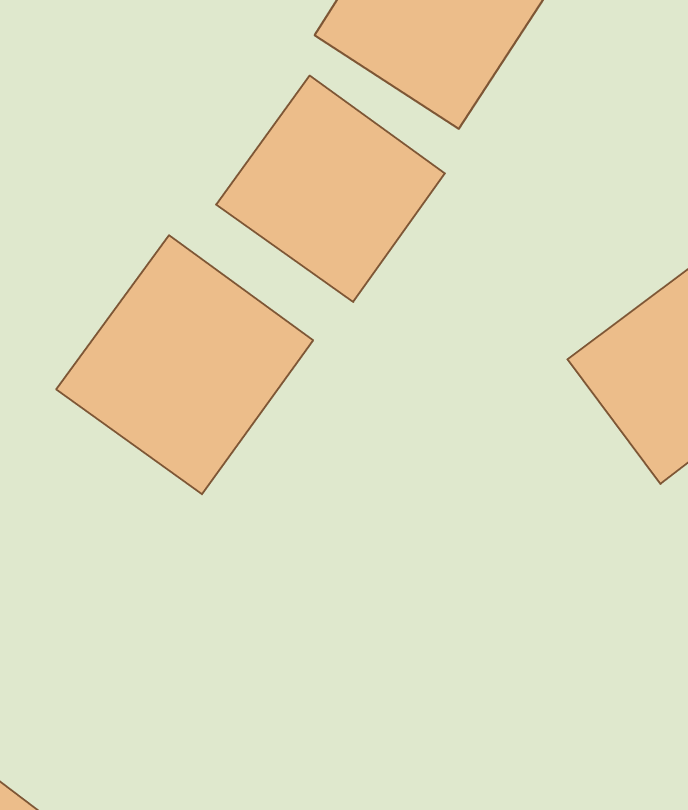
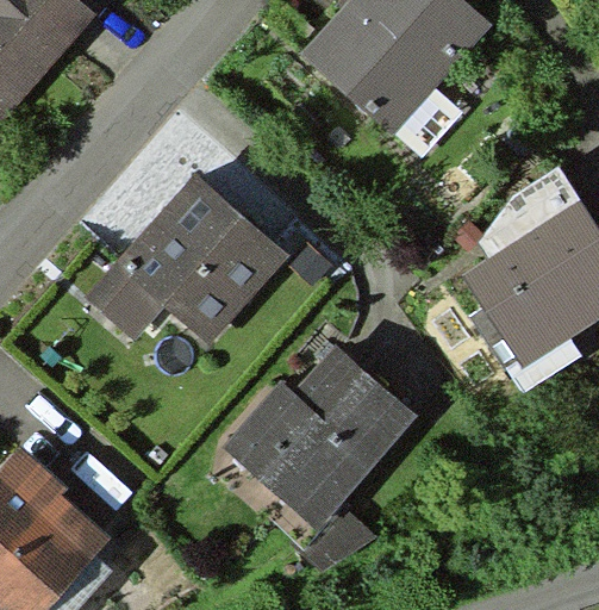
building: [216,76,445,302] -> none
building: none -> [218,353,394,534]

